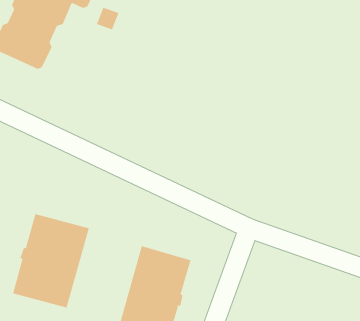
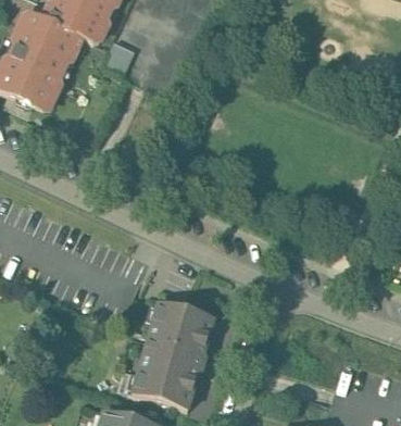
building: [12,213,90,309] -> none

